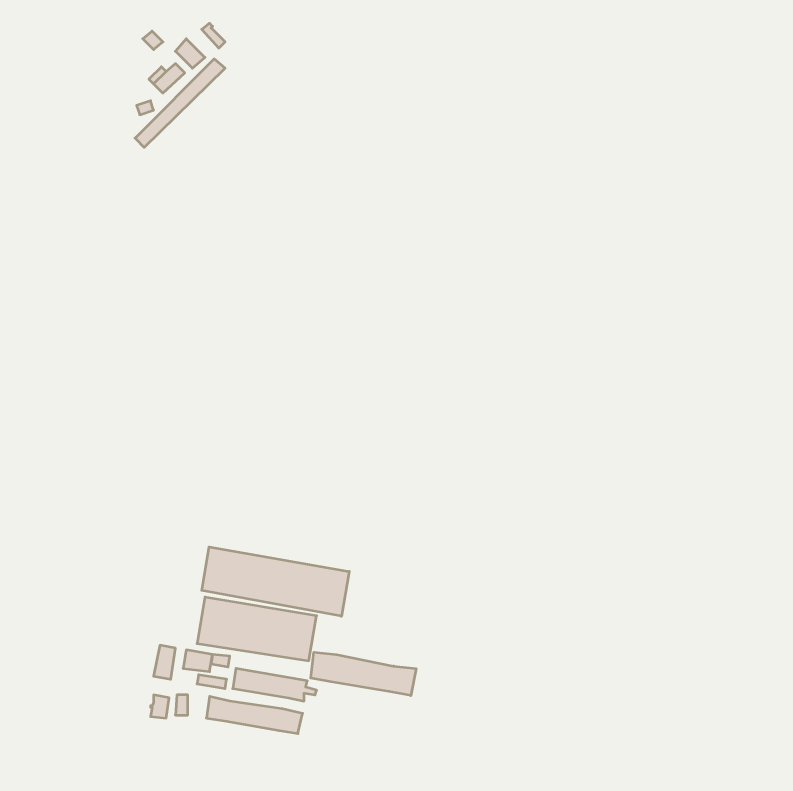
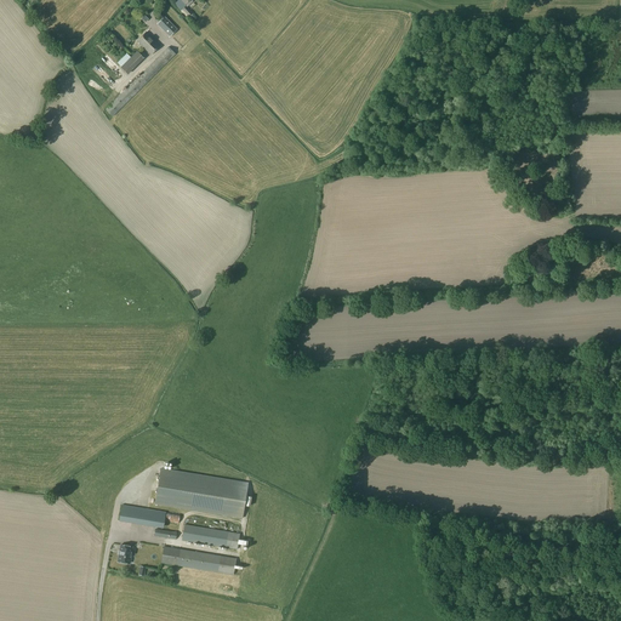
building: [202,547,349,616] -> none
building: [311,652,416,696] -> none

